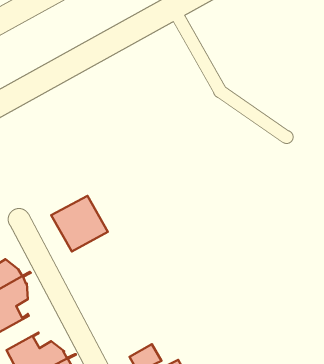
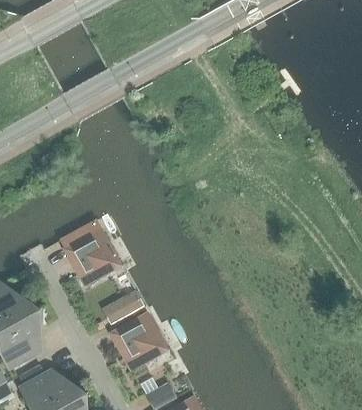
building: none -> [102,289,144,322]
building: none -> [111,311,168,368]

